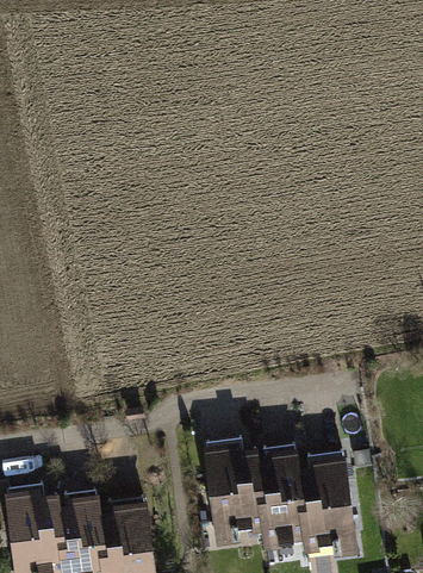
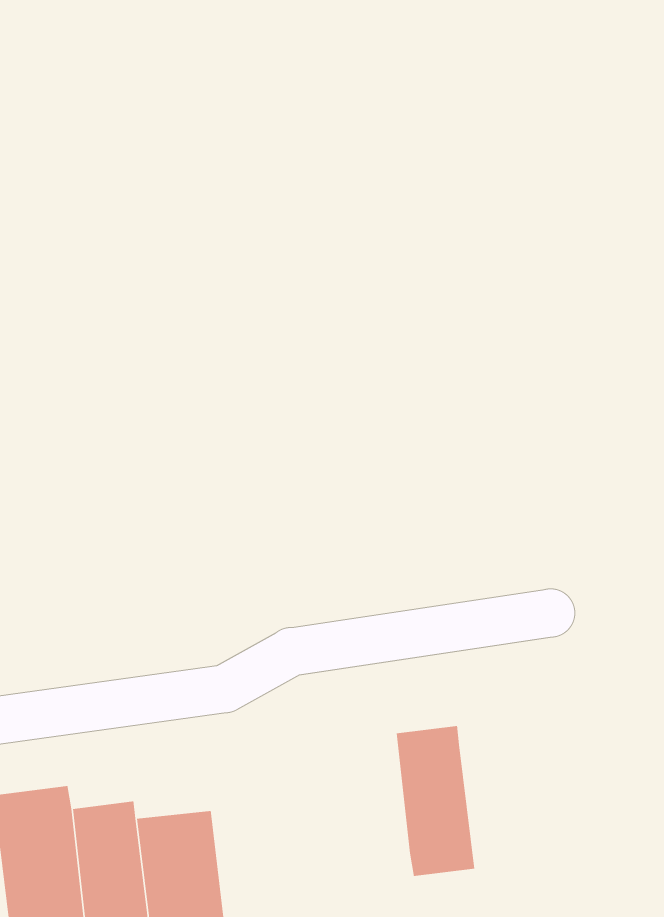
building: [205,438,262,531] -> none
building: [293,453,350,546] -> none

